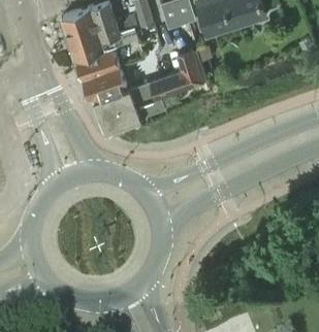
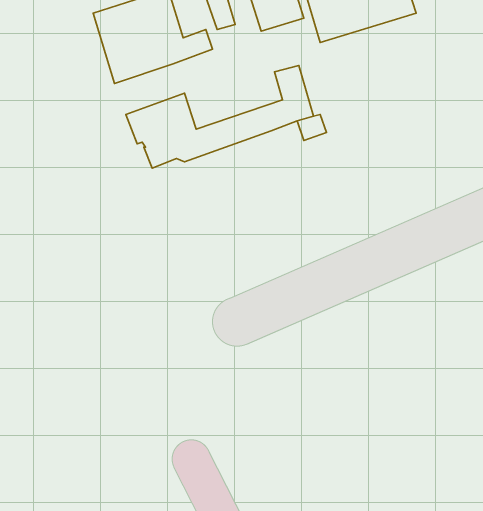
building: [76,41,121,73] -> none
building: [100,84,179,127] -> none

